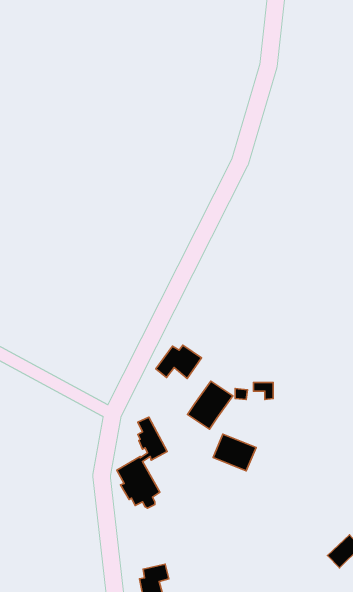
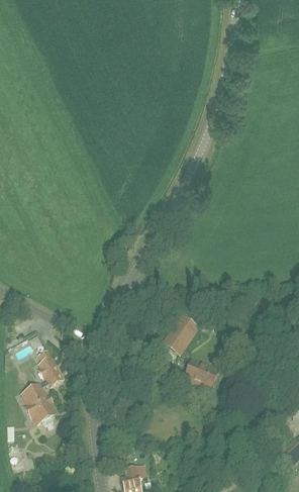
building: [156,345,201,379] -> none
building: [117,417,167,508] -> [21,350,63,424]

